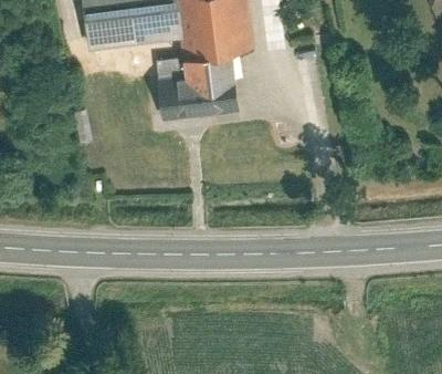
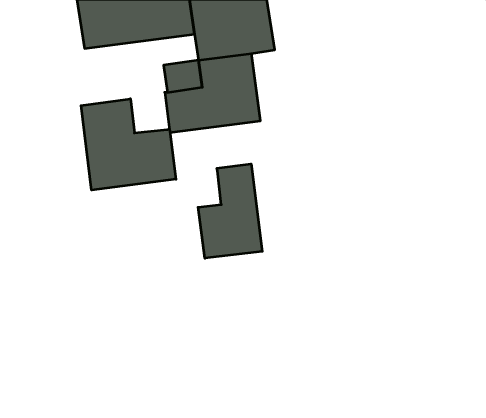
building: none -> [81,99,176,190]
building: none -> [198,164,262,258]

